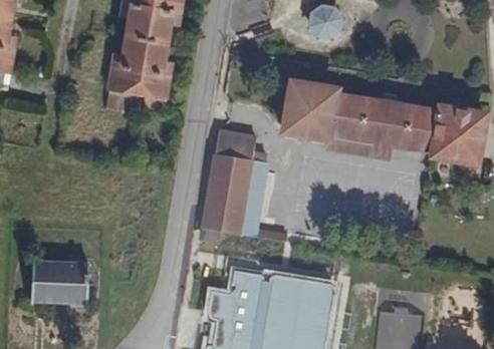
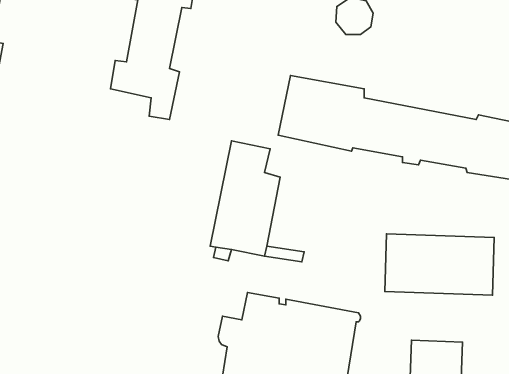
building: none -> [385,234,494,295]
building: [42,259,97,299] -> none

